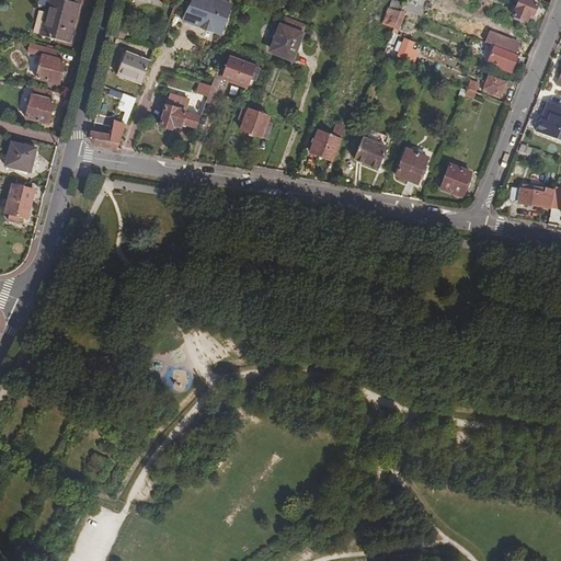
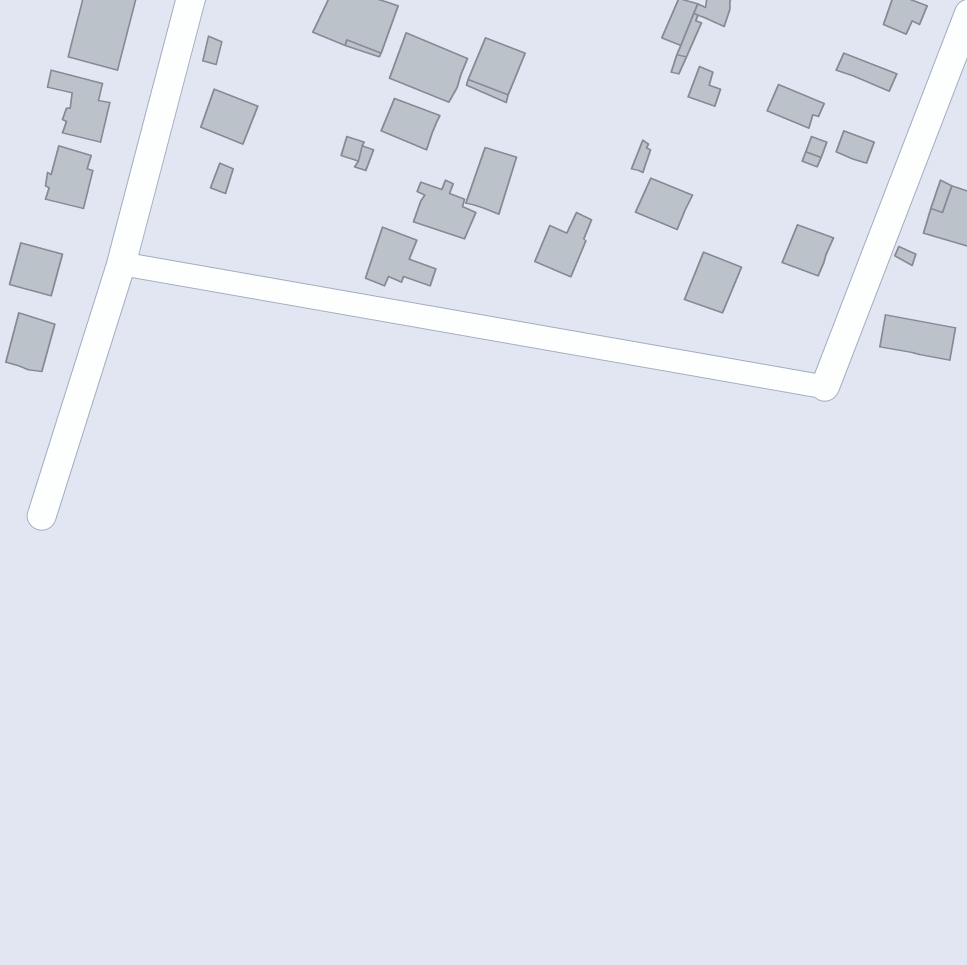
building: none -> [389,33,467,102]
building: [488,44,520,69] -> [767,84,824,128]
building: none -> [466,148,516,214]
building: [159,92,199,126] -> [366,227,436,286]
building: [90,121,127,147] -> none
building: [355,137,388,167] -> [636,178,692,229]
building: [440,165,470,195] -> [782,225,833,276]

